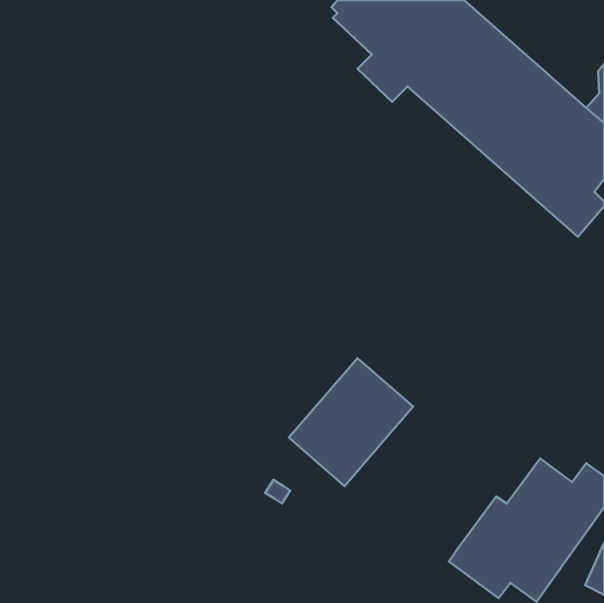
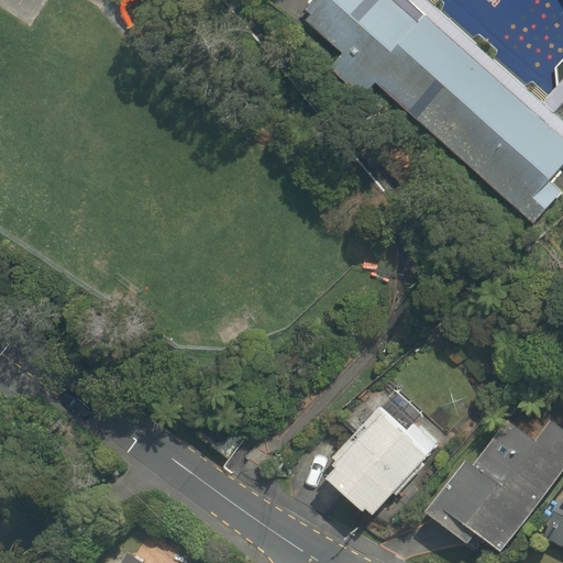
building: [289,358,413,486] -> [318,396,433,515]

